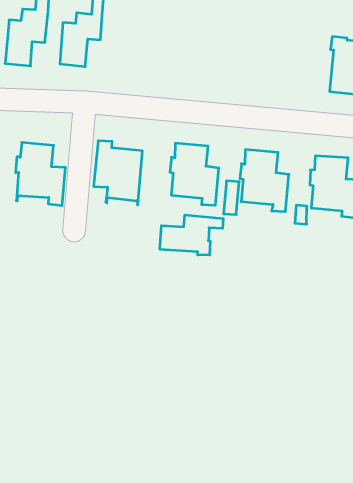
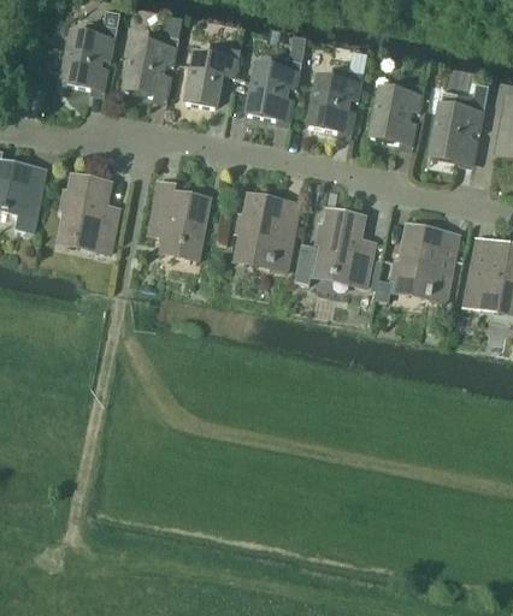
building: none -> [185,45,240,106]
building: none -> [247,57,301,118]
building: none -> [308,69,362,130]
building: none -> [370,81,424,142]
building: [160,215,223,255] -> none

